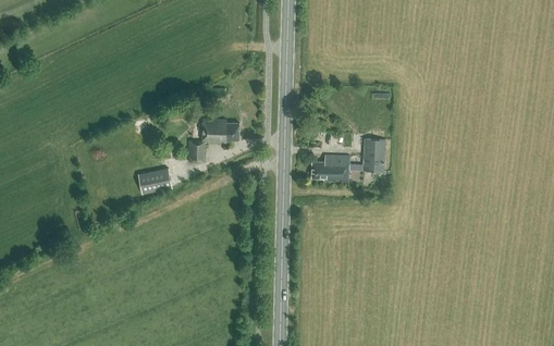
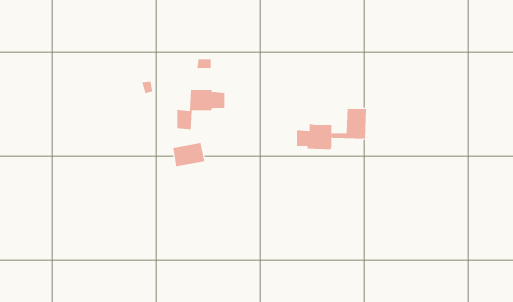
building: [138,168,172,193] -> [172,142,205,167]

